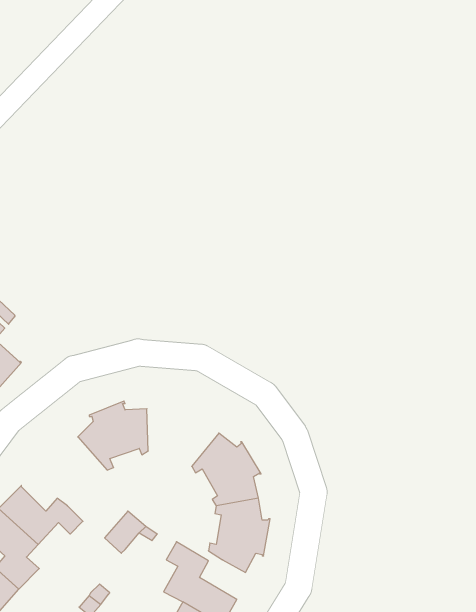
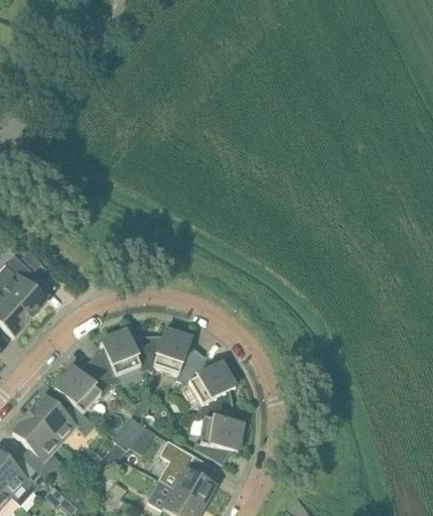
building: none -> [145,328,201,379]
building: none -> [53,356,114,410]

